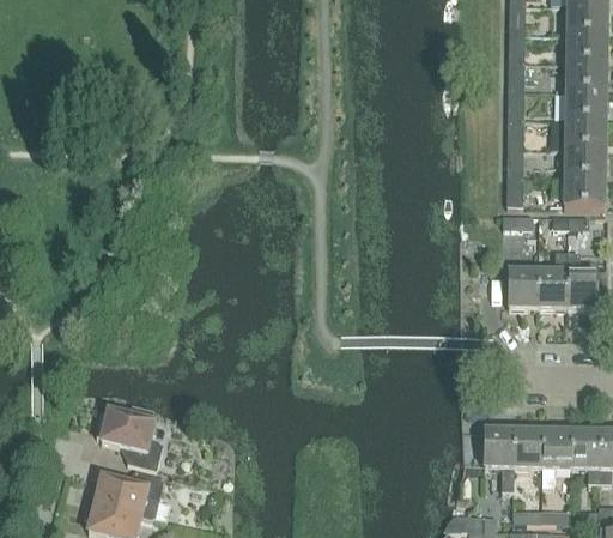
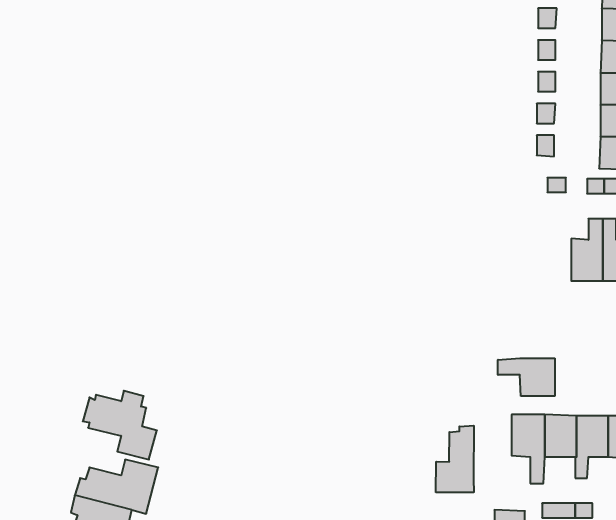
building: [508,271,538,309] -> none
building: none -> [498,358,555,396]
building: none -> [436,426,474,492]

